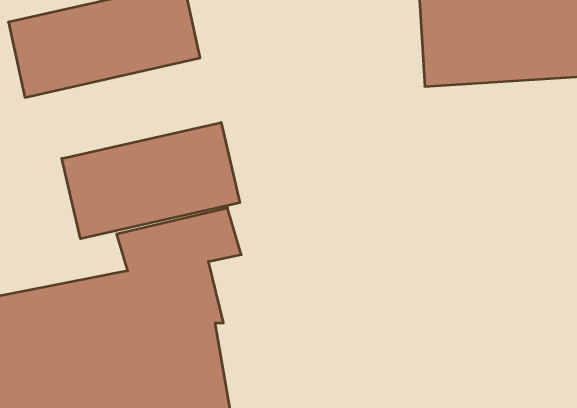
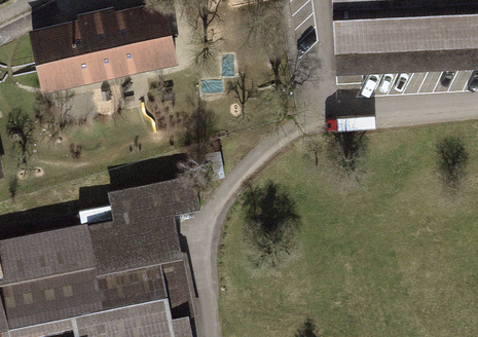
building: [62,122,240,239] -> none

